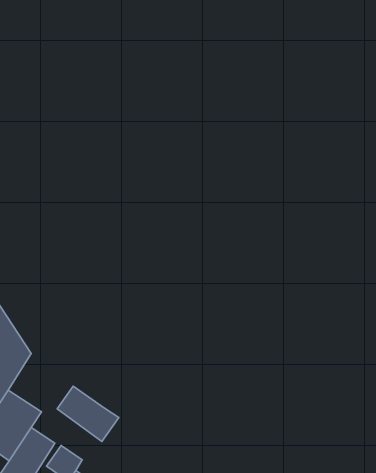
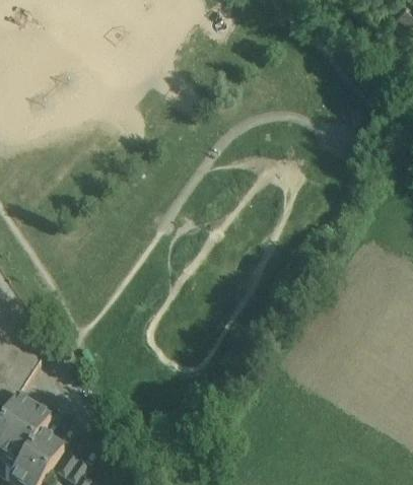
building: [57,386,119,442] -> none

